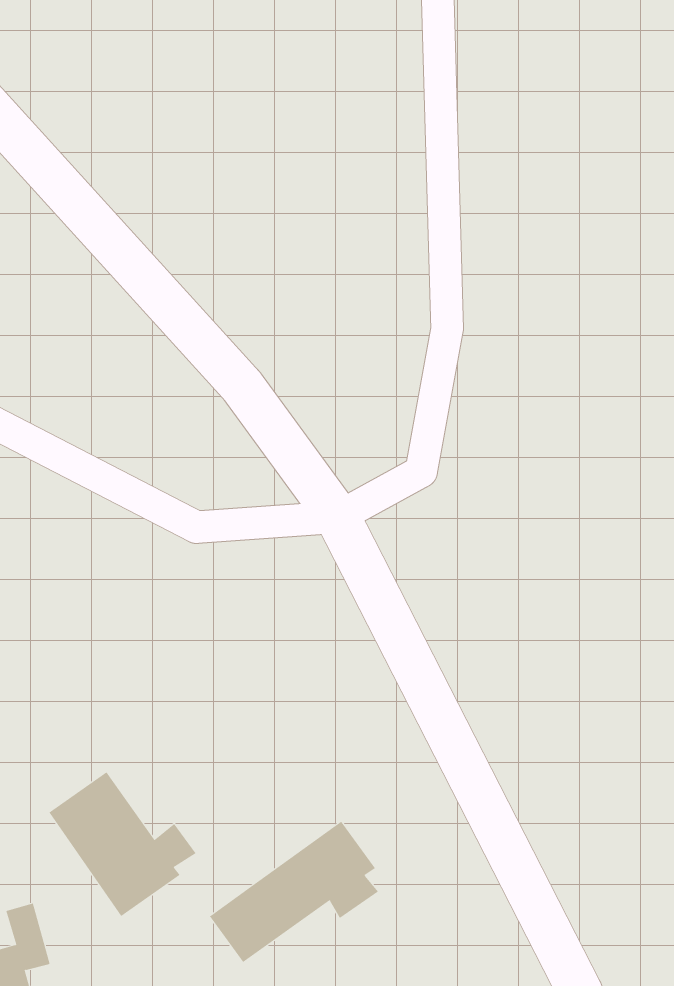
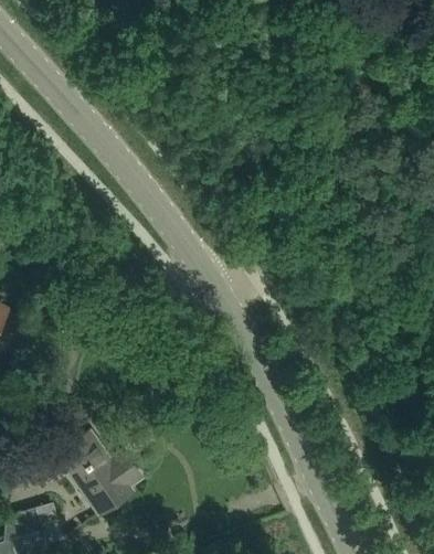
building: [208,821,379,963] -> none

